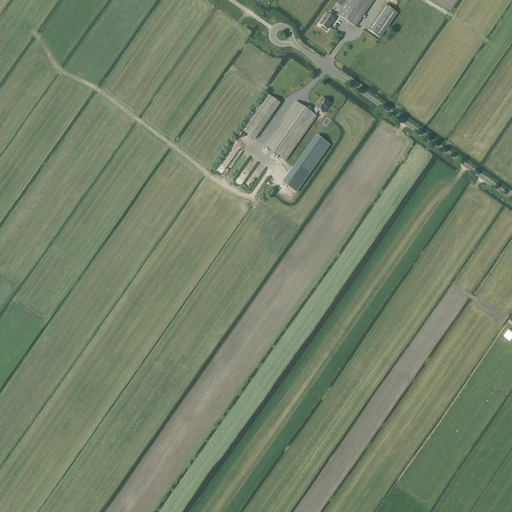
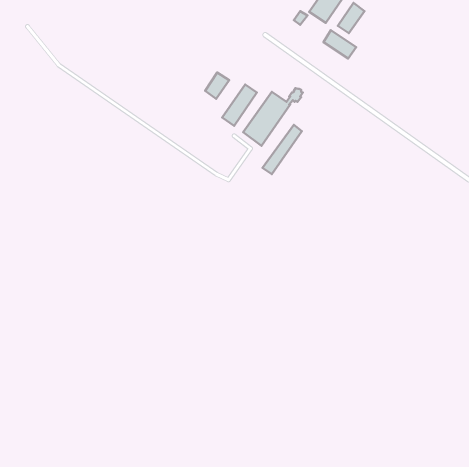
building: none -> [323,30,356,58]
building: none -> [205,72,229,99]

